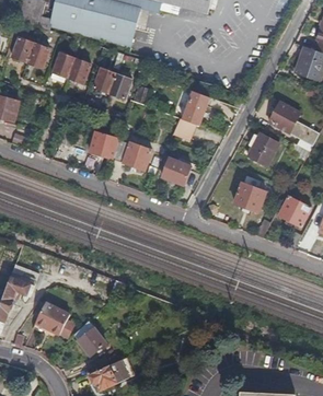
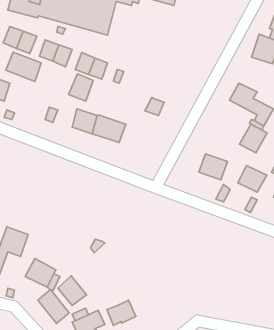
building: none -> [6,52,41,81]
building: [182,91,209,125] -> none
building: none -> [68,74,93,101]
building: [246,133,278,166] -> [239,124,267,153]
building: [161,158,191,185] -> none
building: none -> [38,289,69,324]
building: none -> [107,300,136,326]

